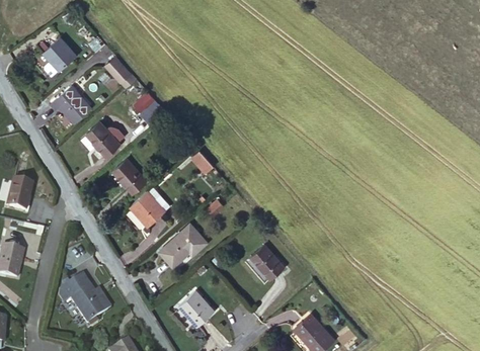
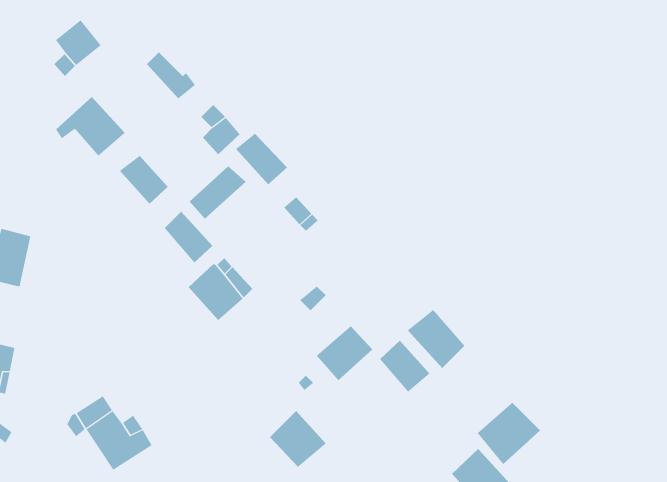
building: none -> [235,133,288,185]
building: none -> [189,166,246,219]
building: none -> [407,309,465,369]
building: [162,233,198,268] -> [316,326,373,381]
building: none -> [477,402,541,465]

